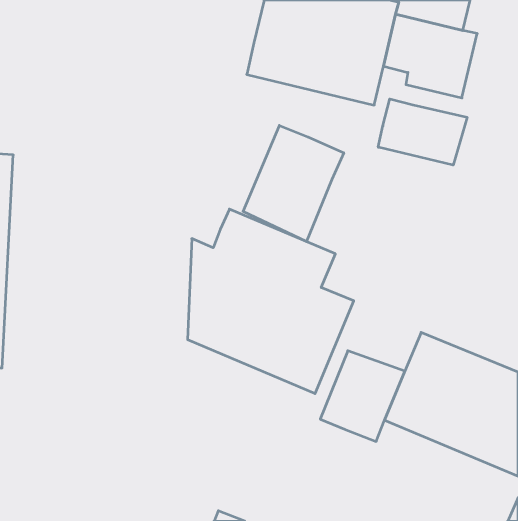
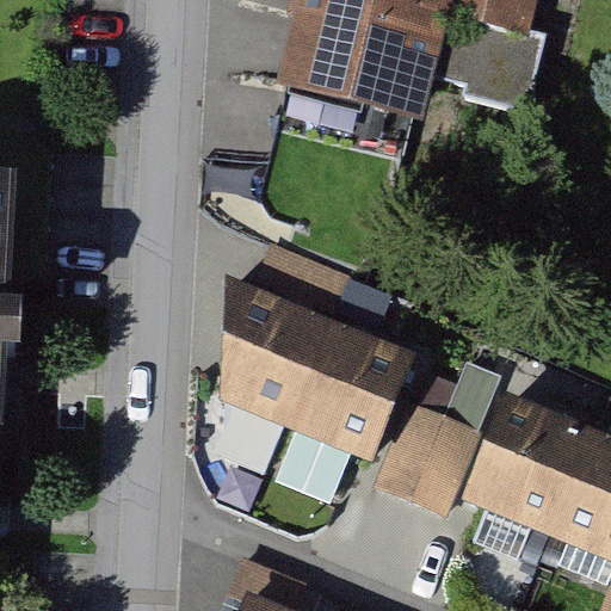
building: [378,99,467,165] -> none
building: [243,125,344,242] -> none

